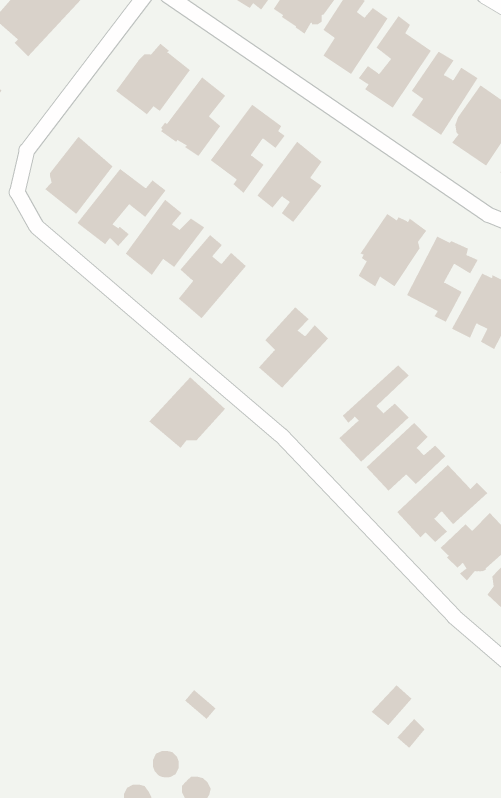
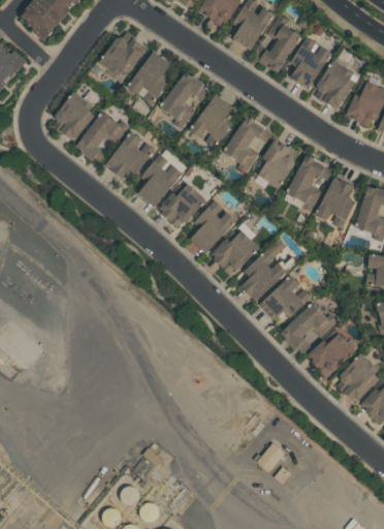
building: none -> [223,116,273,172]
building: none -> [211,227,258,274]
building: [149,377,226,449] -> [157,182,206,228]

